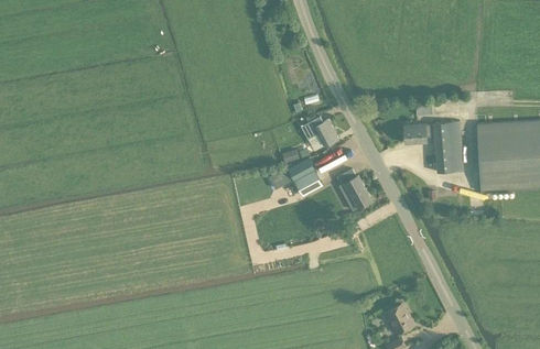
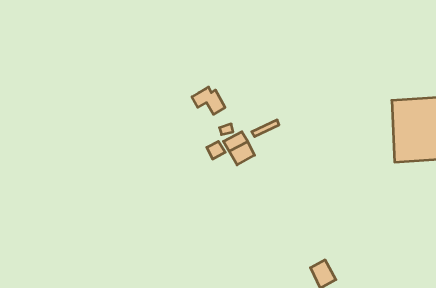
building: [301,114,338,145] -> [192,87,225,114]
building: [404,120,464,171] -> none
building: [337,167,371,208] -> none

